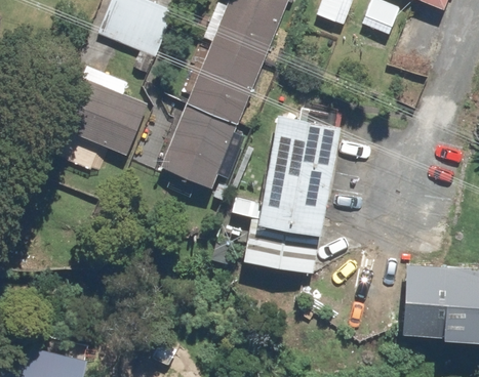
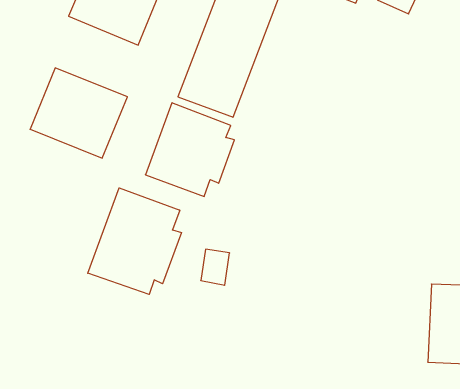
building: [230,115,341,271] -> none
building: none -> [88,188,181,294]

